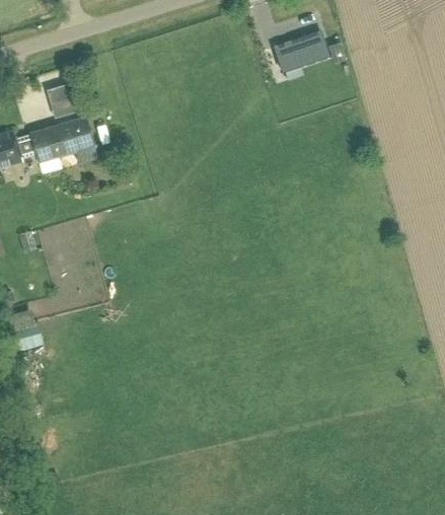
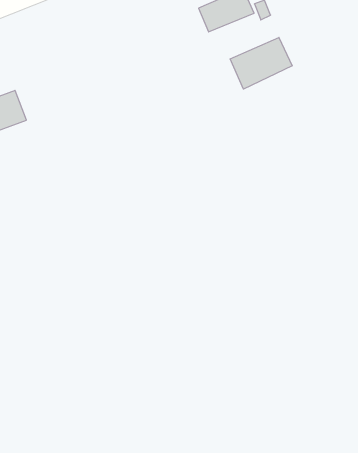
building: none -> [230,37,292,89]

